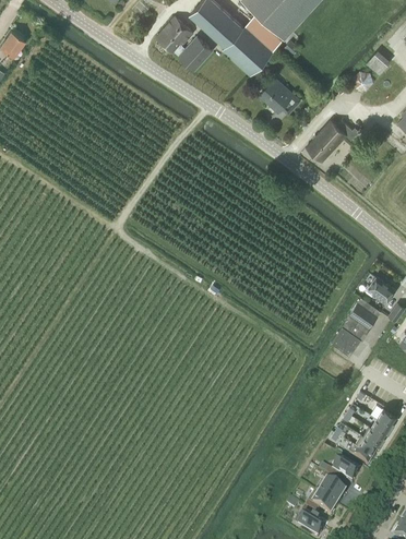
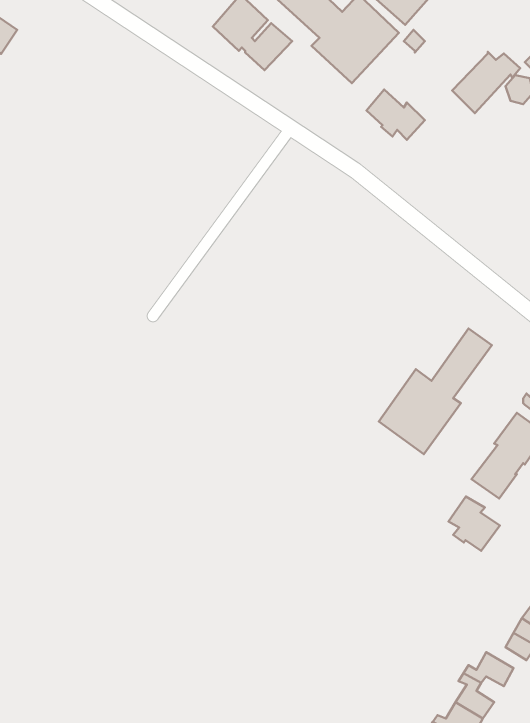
building: [307,119,353,160] -> [452,52,520,113]
building: none -> [379,329,492,454]
building: none -> [449,496,500,551]

